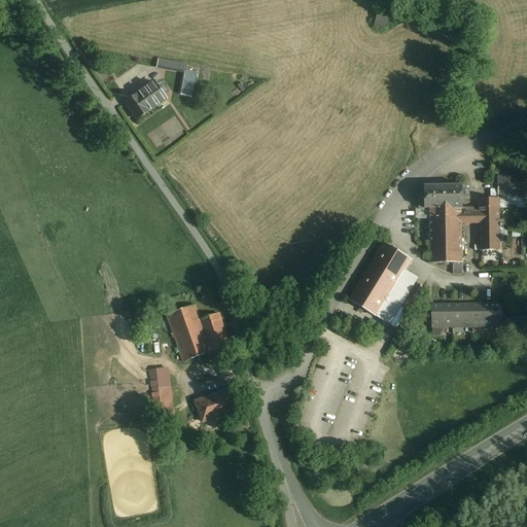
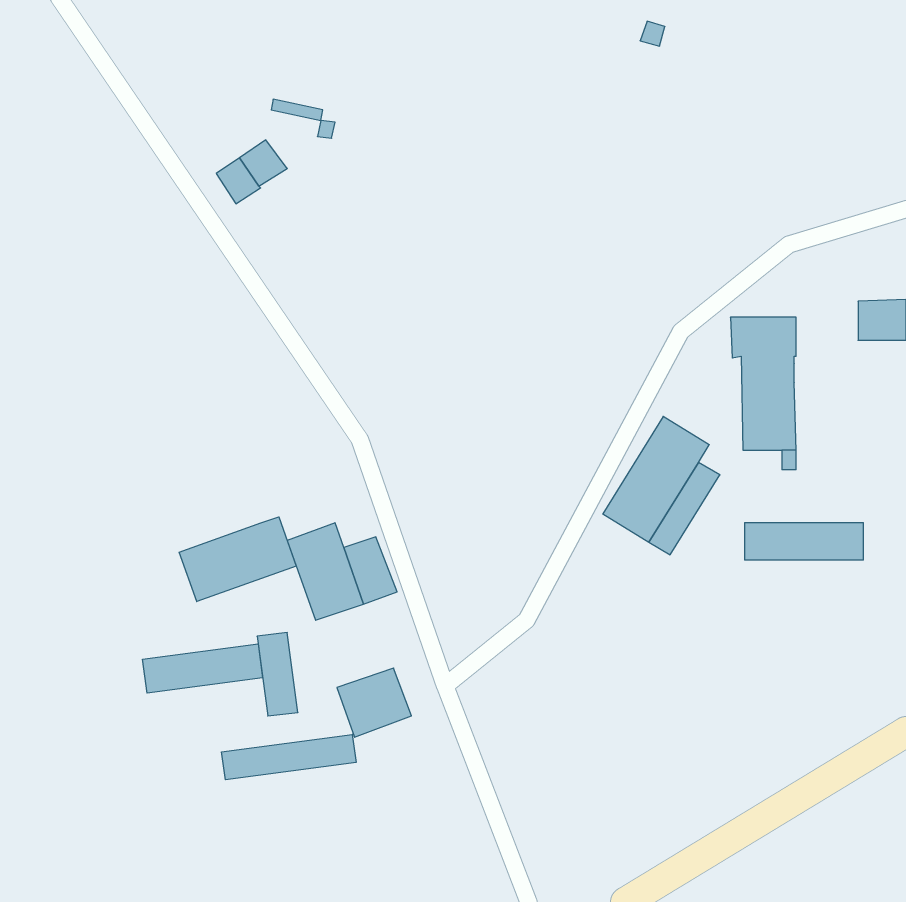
building: [461,198,499,249] -> none
building: none -> [179,517,296,602]
building: none -> [143,644,263,693]
building: none -> [222,734,356,780]

